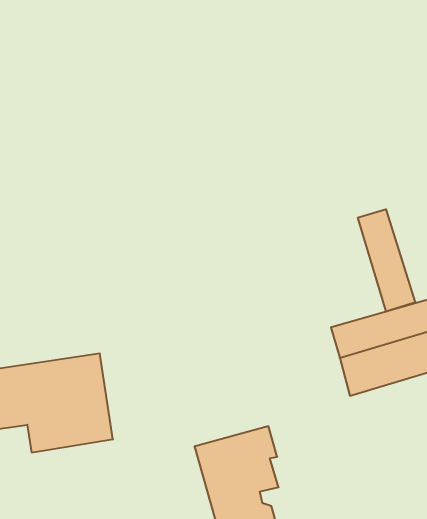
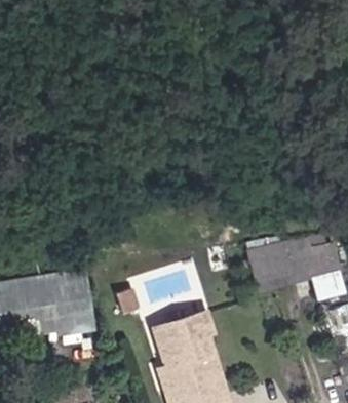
building: [358,209,415,312] -> none

